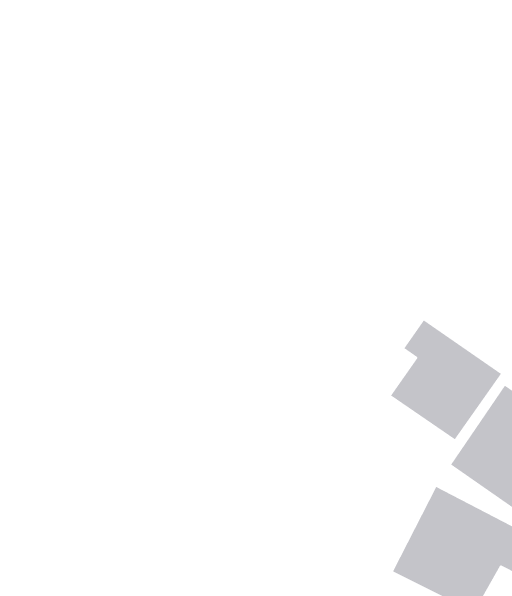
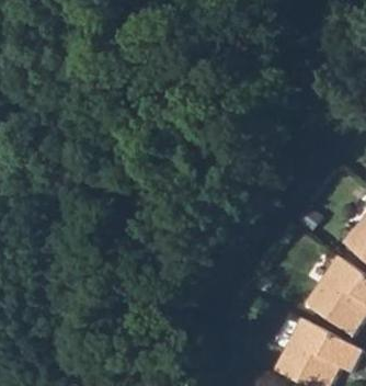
building: [390,320,502,440] -> none

